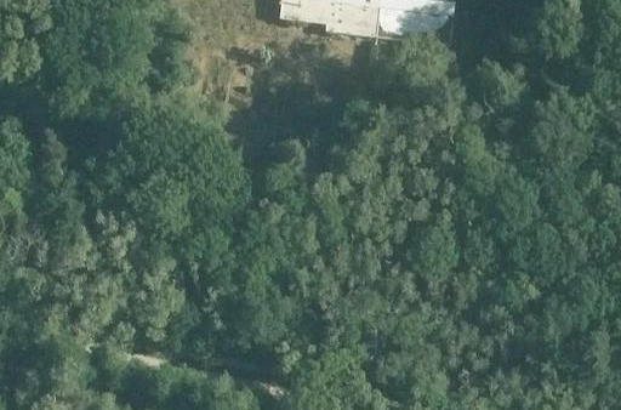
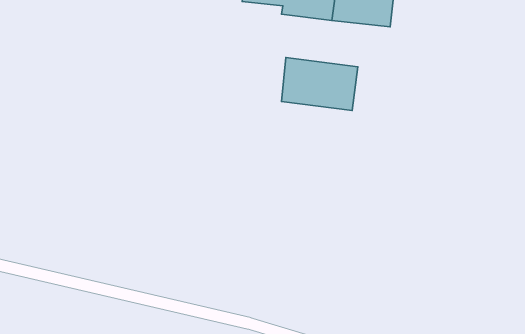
building: none -> [281,58,358,110]

